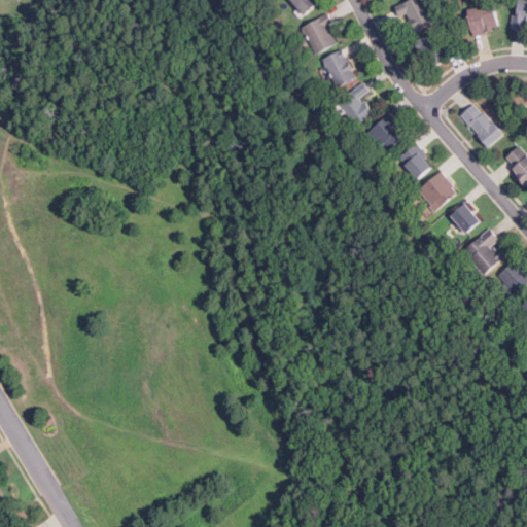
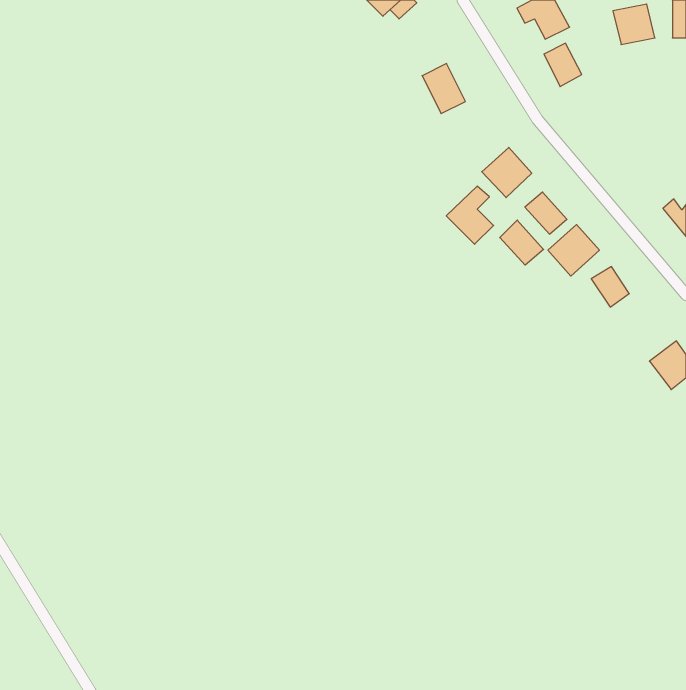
building: [300,14,336,55] -> none
building: [335,81,371,126] -> [446,186,494,244]
building: [458,103,502,147] -> none
building: none -> [500,220,544,265]
building: [469,229,504,274] -> none

